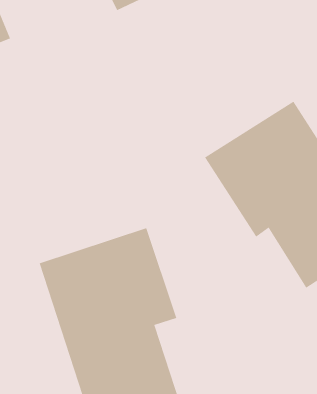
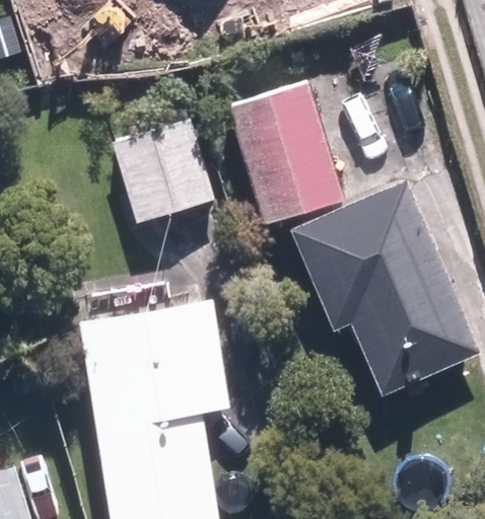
building: none -> [228,85,342,226]
building: none -> [115,121,214,224]

